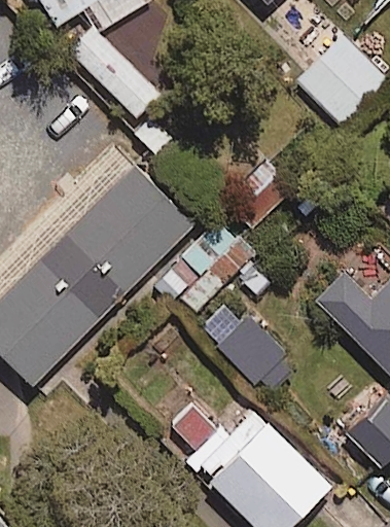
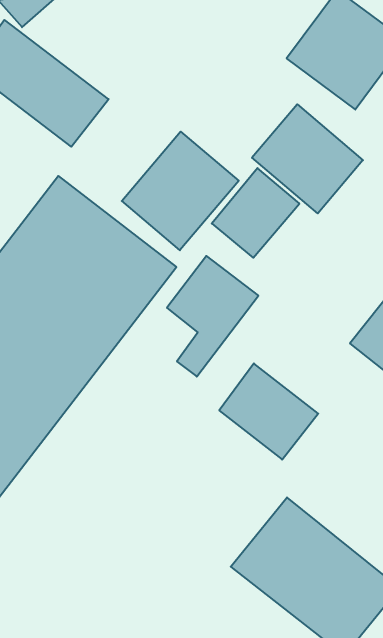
building: none -> [252,104,363,213]
building: none -> [122,132,239,250]

